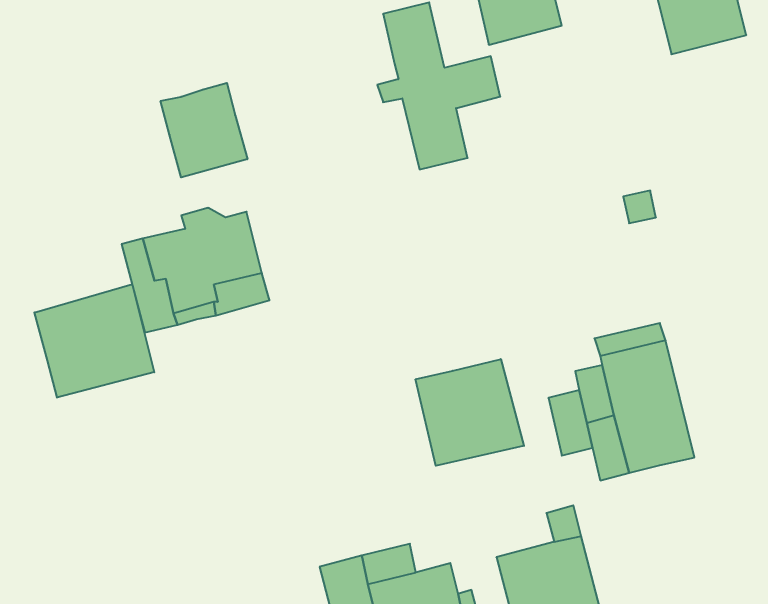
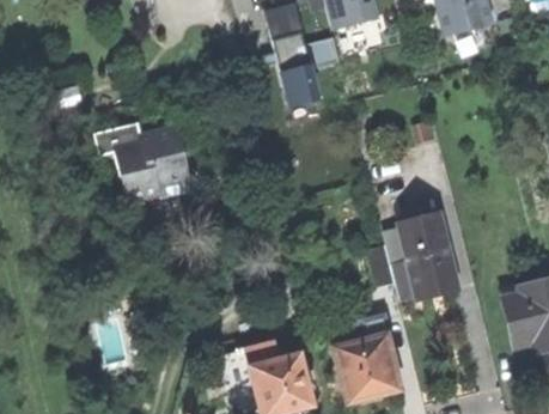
building: [161,83,247,177] -> none
building: [34,284,154,398] -> none
building: [416,359,524,466] -> none

